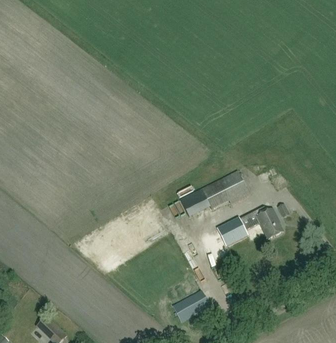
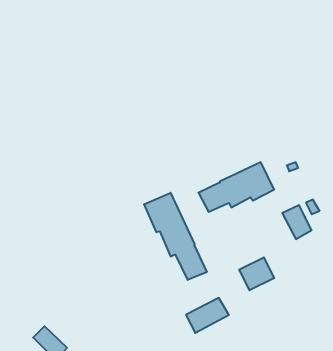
building: none -> [144,193,207,280]
building: [217,216,248,245] -> [239,257,274,290]

